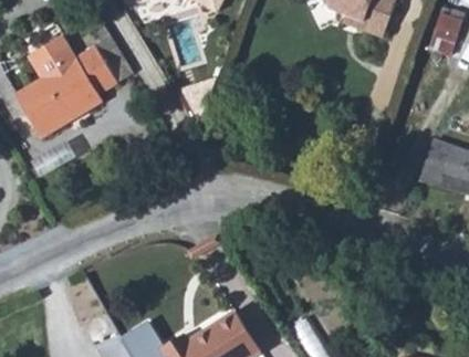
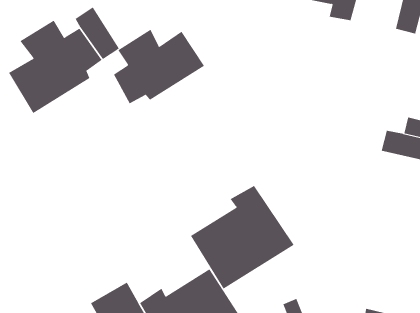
building: none -> [113,29,205,104]
building: none -> [190,185,295,290]

